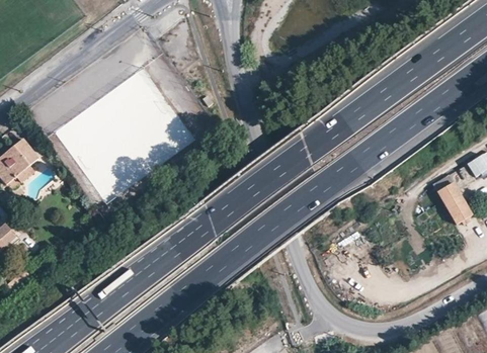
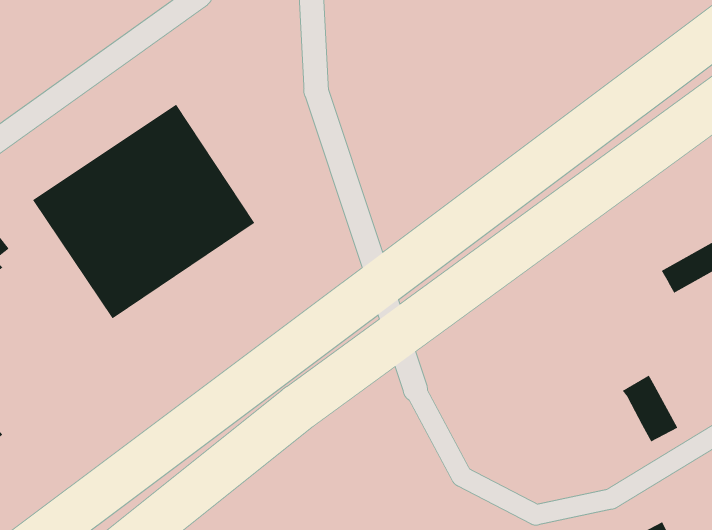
building: [437,181,473,224] -> [622,375,678,442]

